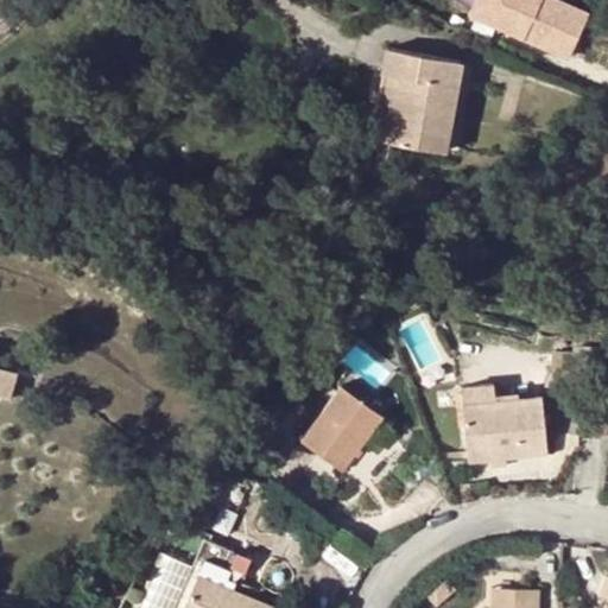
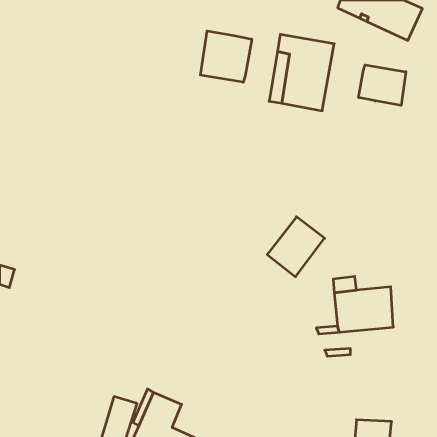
building: none -> [200,31,252,82]
building: none -> [359,65,406,105]
building: [303,388,382,471] -> [267,217,325,277]

